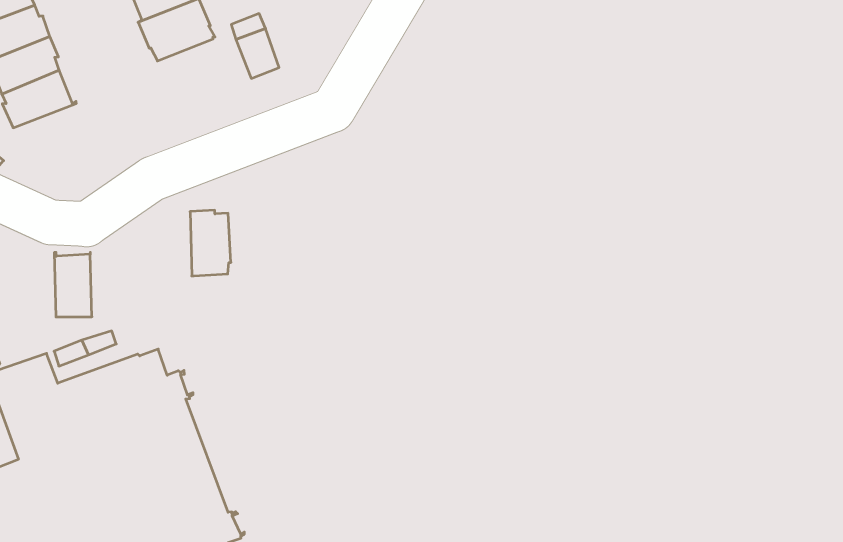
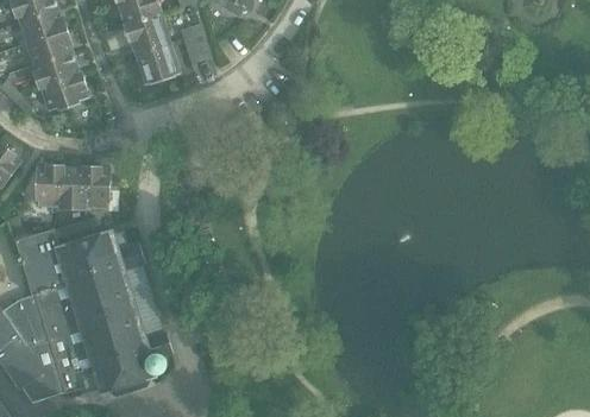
building: none -> [133,38,181,86]
building: none -> [40,74,86,108]
building: [190,210,231,276] -> [83,168,108,208]
building: none -> [37,166,62,207]

